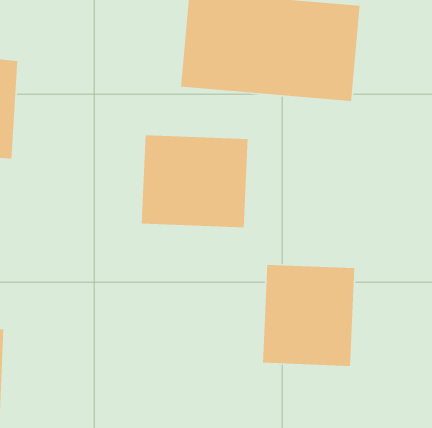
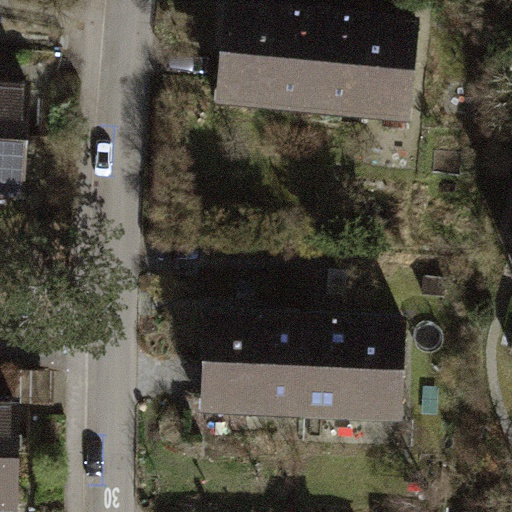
building: [141,134,248,228] -> none
building: none -> [202,302,309,421]

